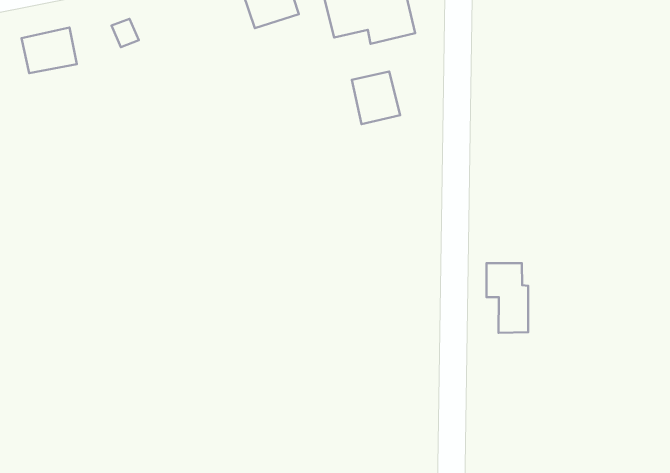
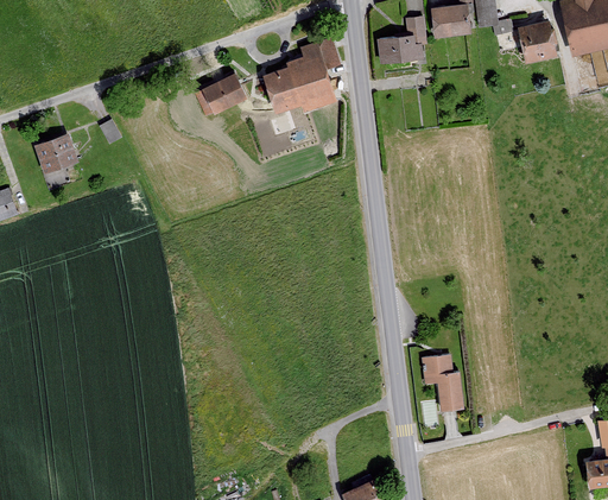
building: [352,71,400,124] -> none
building: [486,263,528,333] -> [424,355,463,411]

